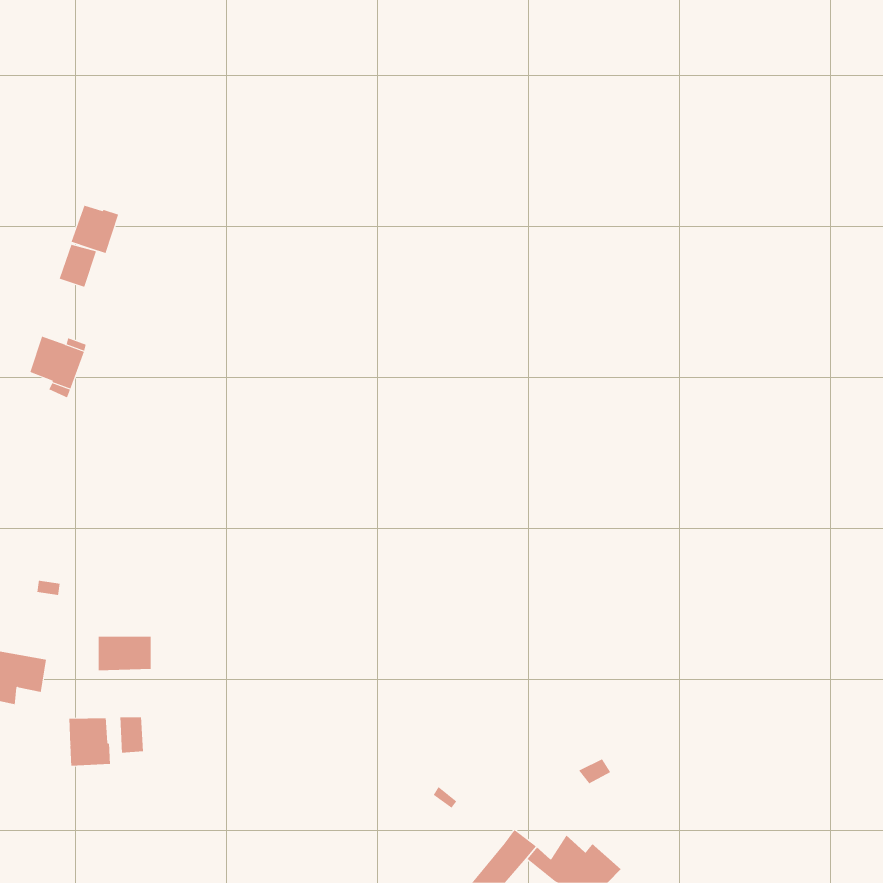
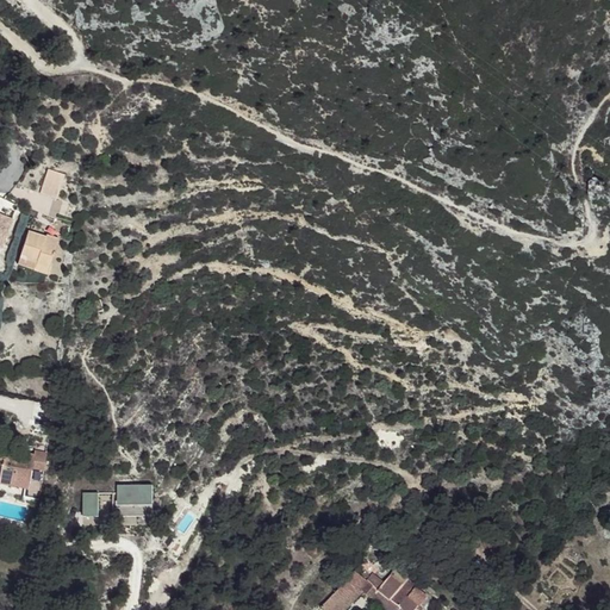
building: [71,205,119,254] -> none
building: [98,636,151,671] -> [117,486,154,510]
building: [69,717,111,767] -> none

